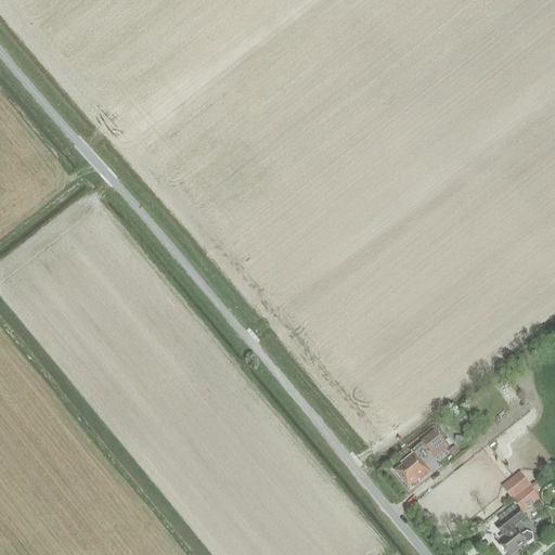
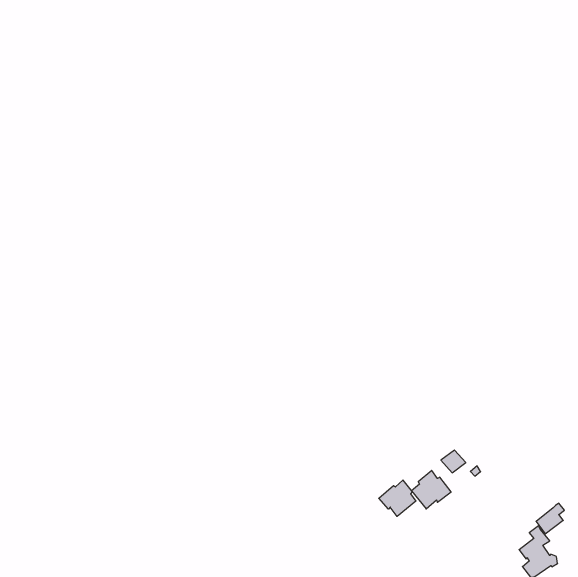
building: none -> [379,480,416,516]
building: [501,469,532,500] -> none

